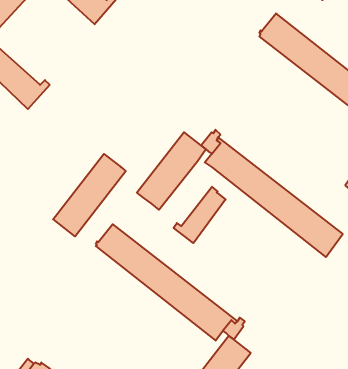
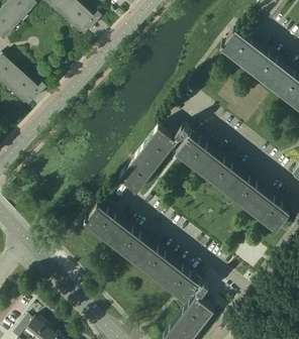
building: [53,154,126,236] -> none
building: [174,187,226,243] -> none

